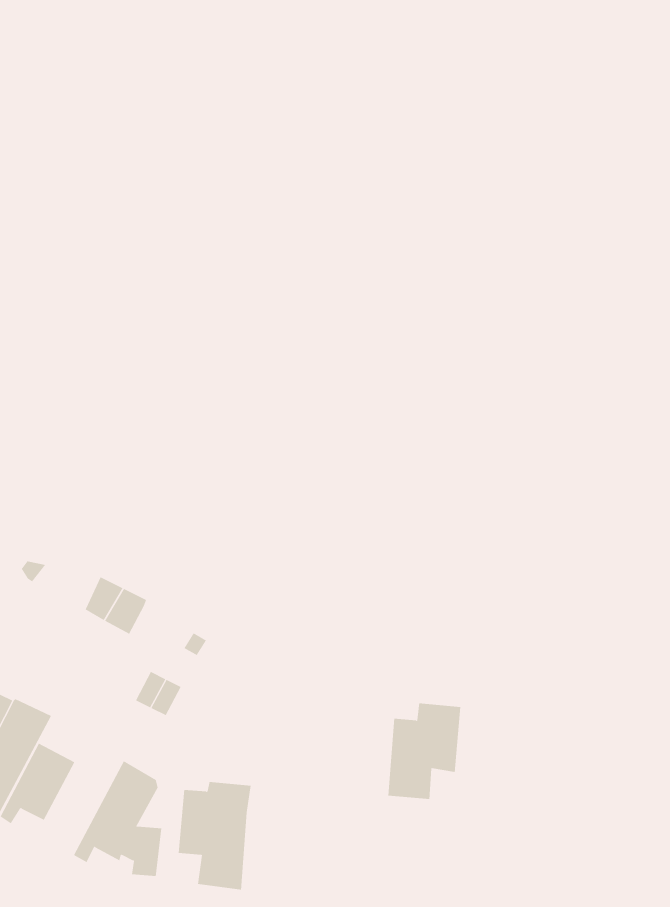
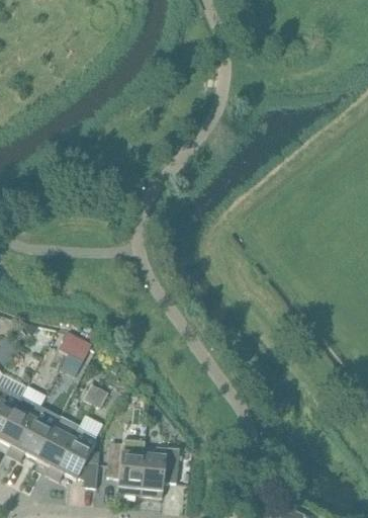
building: [388,703,461,800] -> [139,444,177,495]
building: none -> [35,412,78,474]

